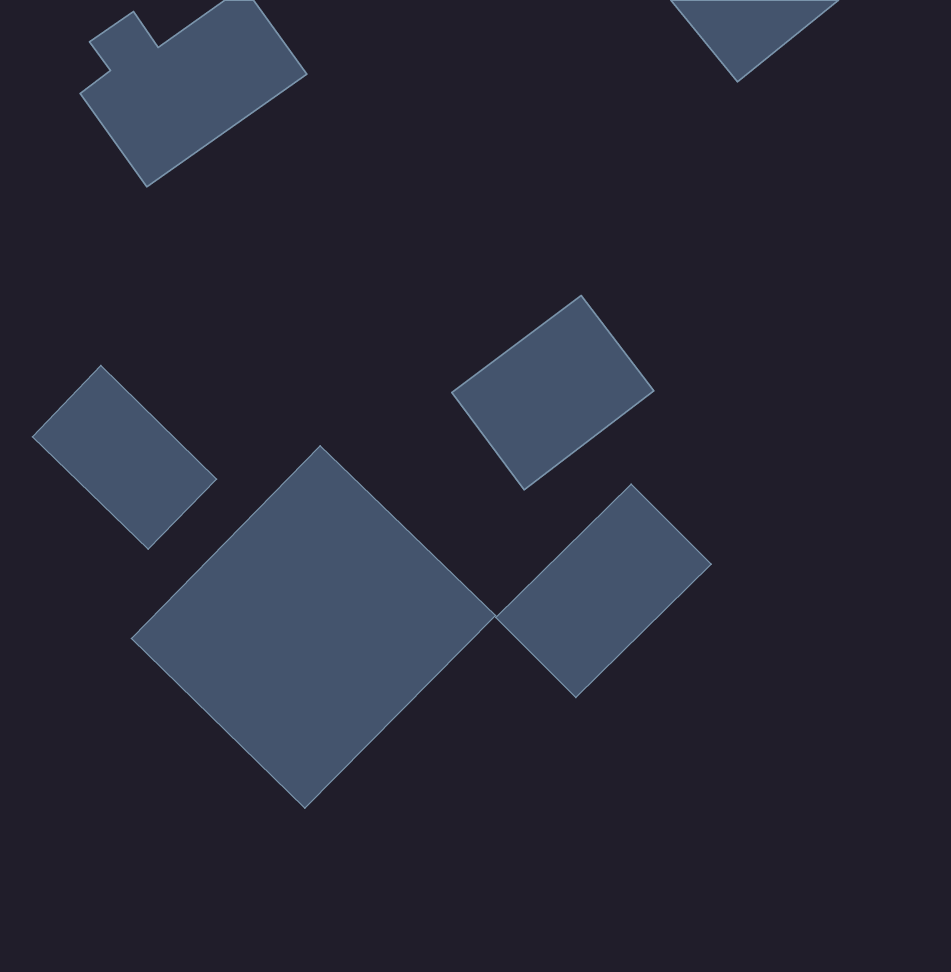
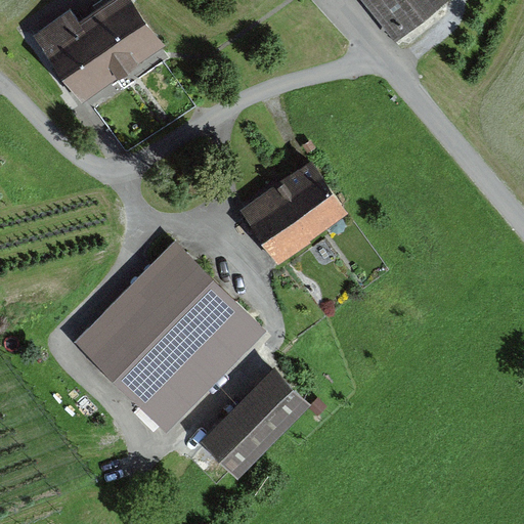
building: [32,365,217,549] -> none
building: [496,484,711,698] -> [199,360,314,475]

